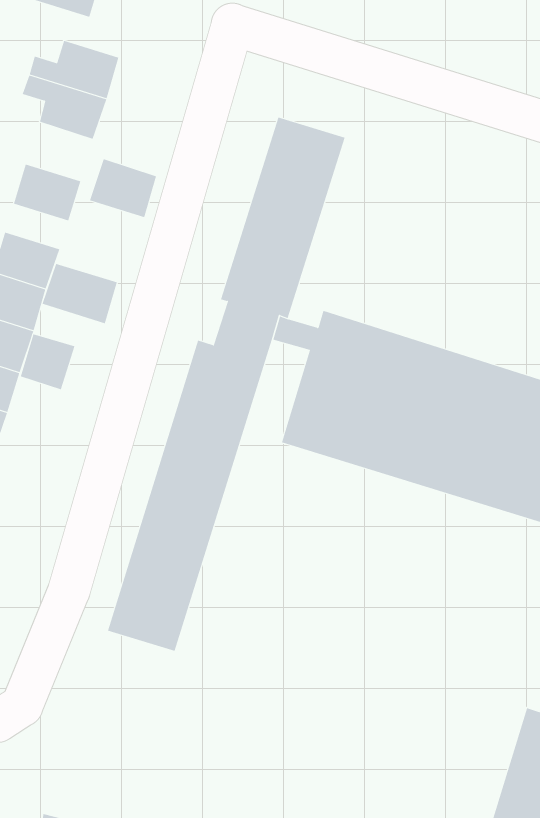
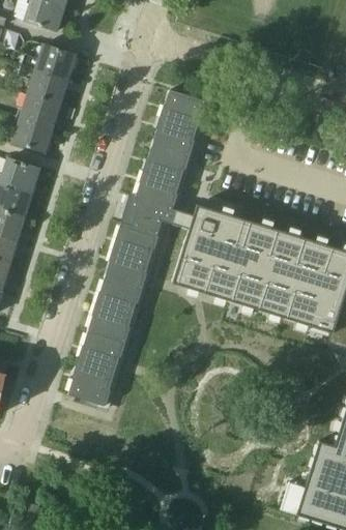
building: [89,159,157,218] -> [20,92,60,127]
building: [42,263,117,324] -> none
building: [20,333,75,390] -> none

